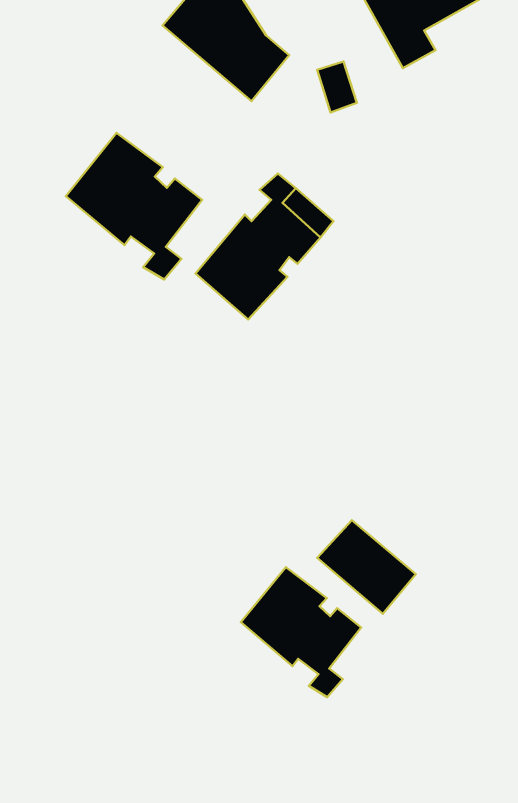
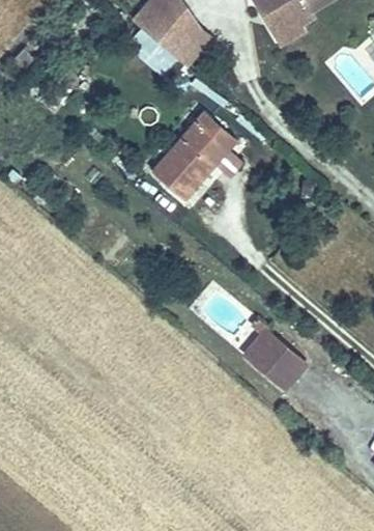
building: [66,133,202,280] -> none
building: [241,567,361,697] -> none

